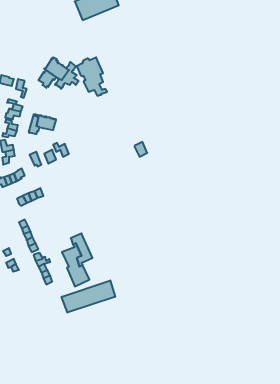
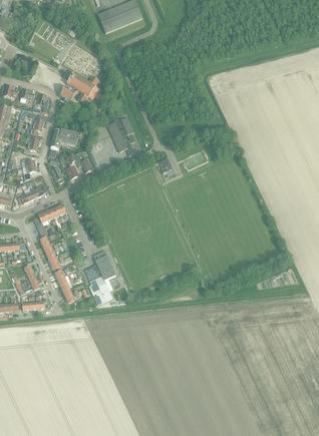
building: [77,57,107,96] -> [107,115,138,154]
building: [62,280,115,313] -> none

